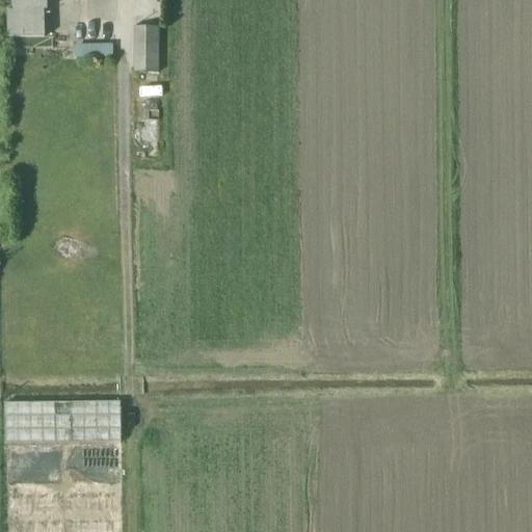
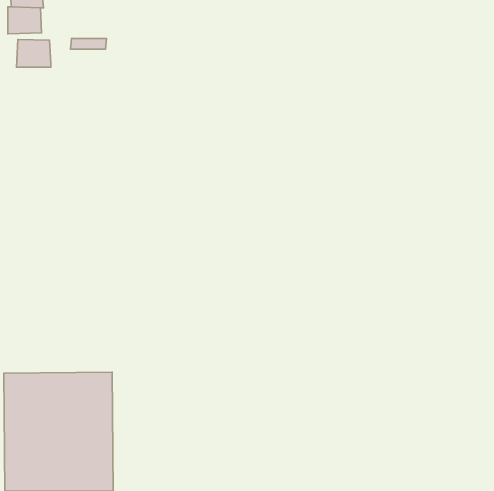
building: [135,25,158,72] -> none
building: none -> [17,39,51,67]

